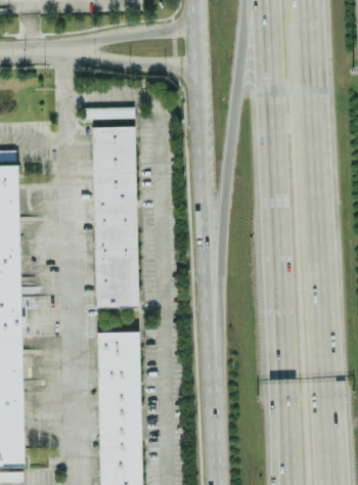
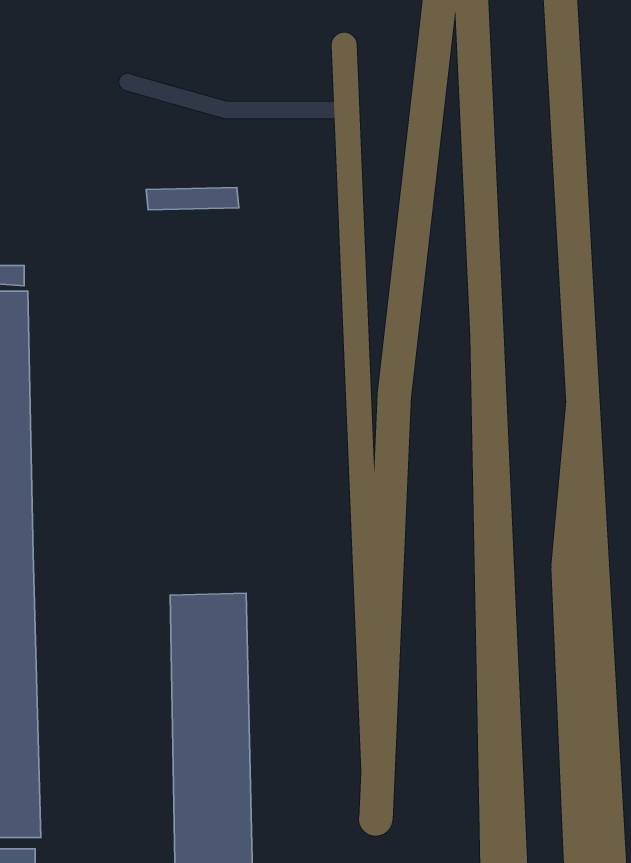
building: [92,125,138,307] -> none

